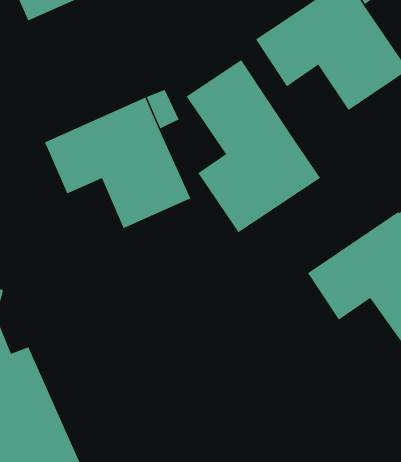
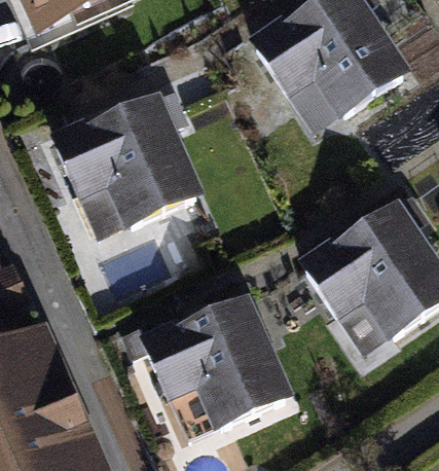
building: [186,59,321,233] -> none
building: none -> [125,300,286,439]

